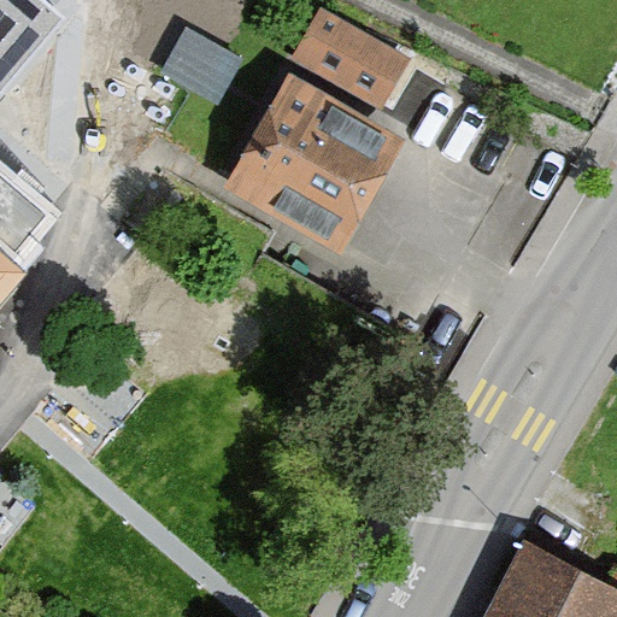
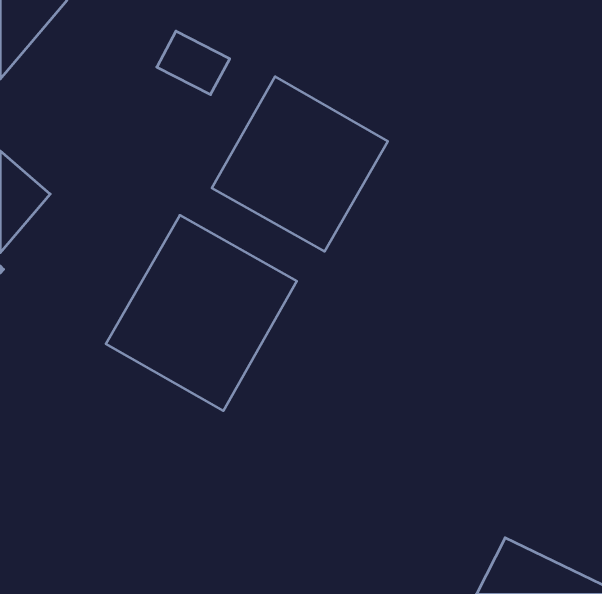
building: [294,12,406,110] -> none
building: none -> [106,215,297,411]

